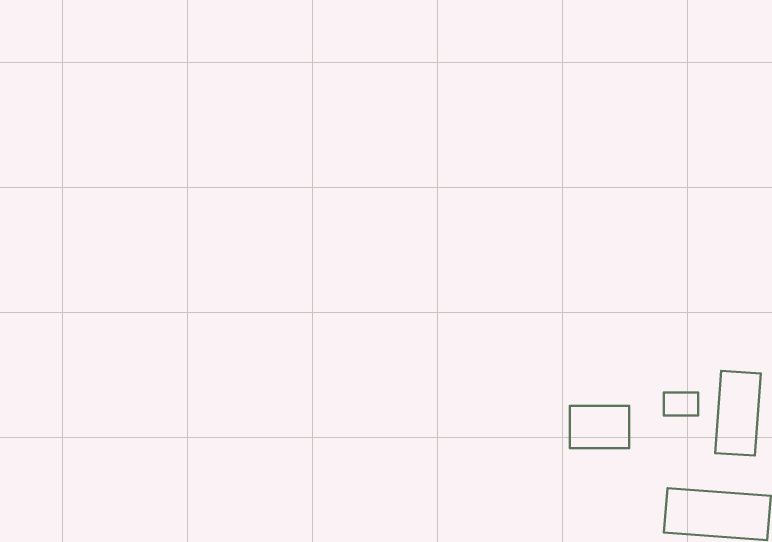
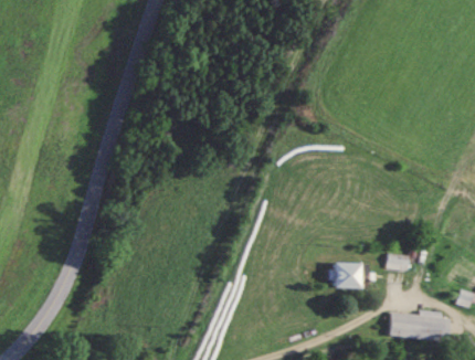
building: [715,371,761,456] -> none

